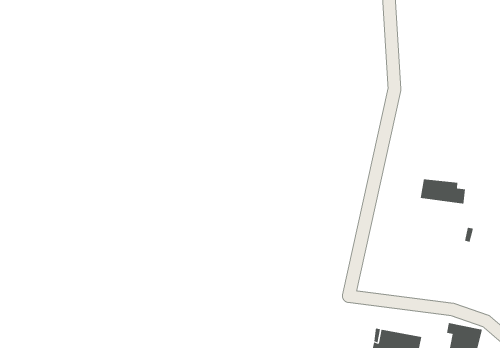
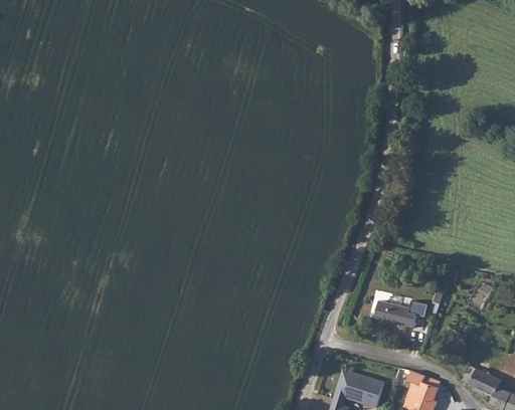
building: [420,179,466,204] -> [374,301,416,329]

